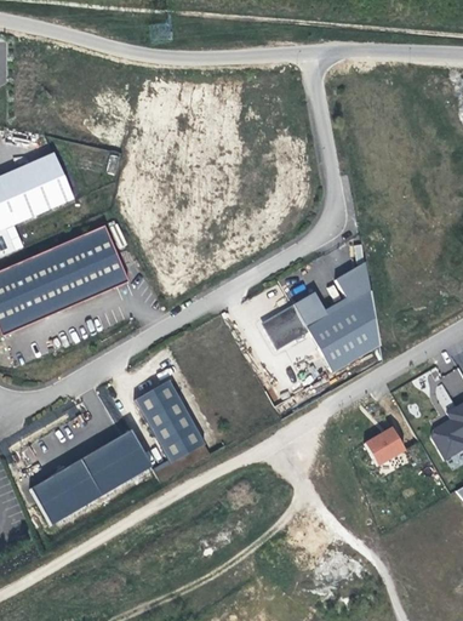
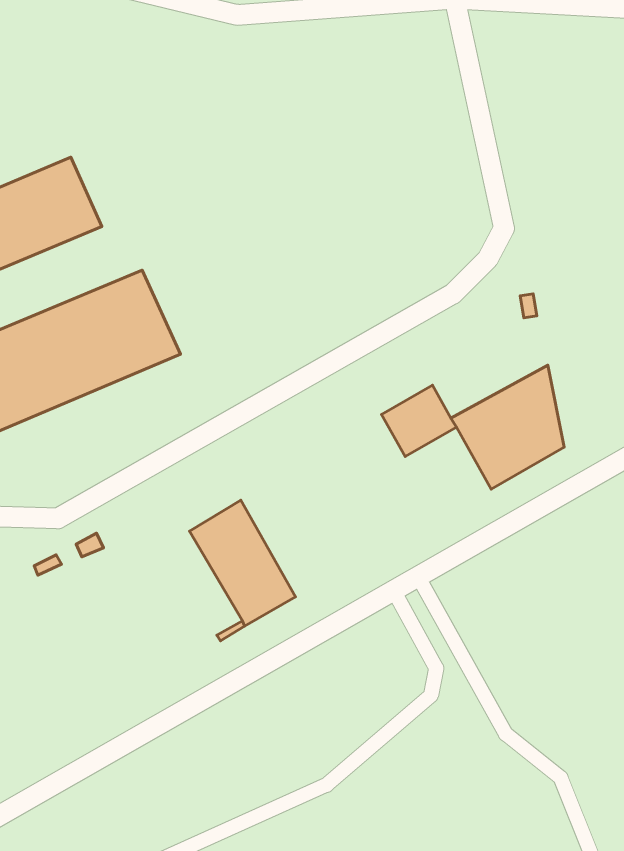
building: [295,262,371,325] -> none
building: [365,426,406,465] -> none
building: [29,428,152,524] -> none

